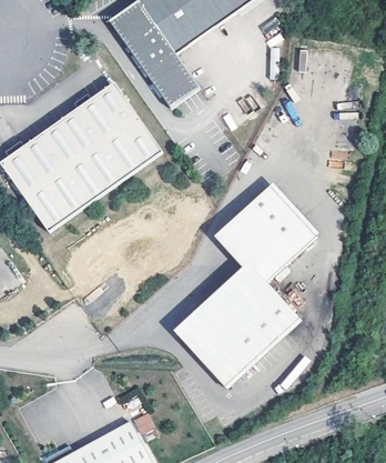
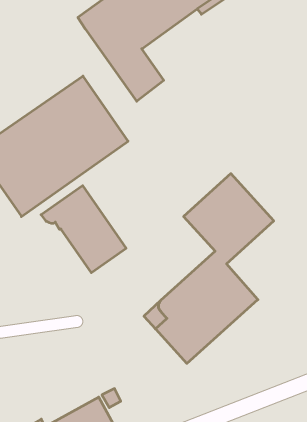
building: none -> [41,186,126,273]

